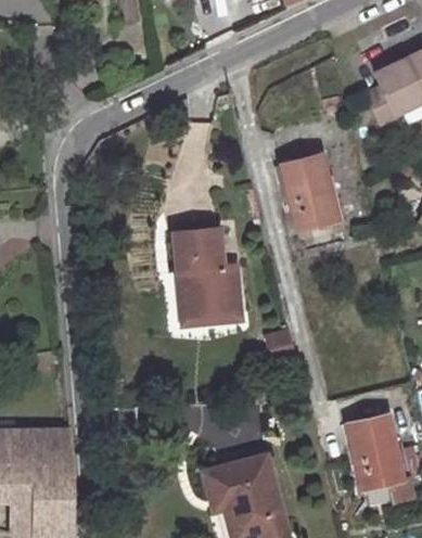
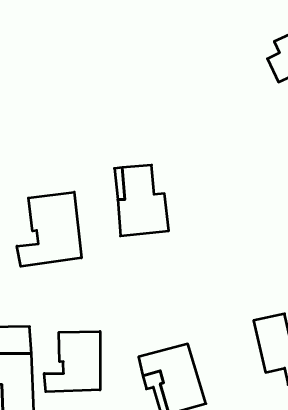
building: [282,155,341,231] -> none
building: none -> [17,192,81,266]
building: none -> [44,331,100,392]

